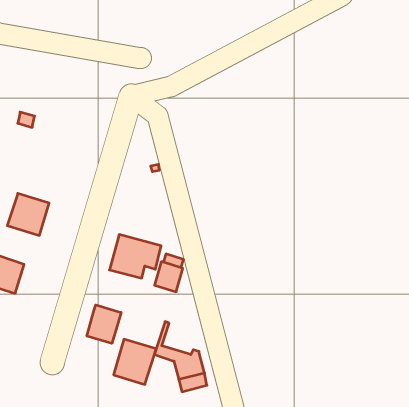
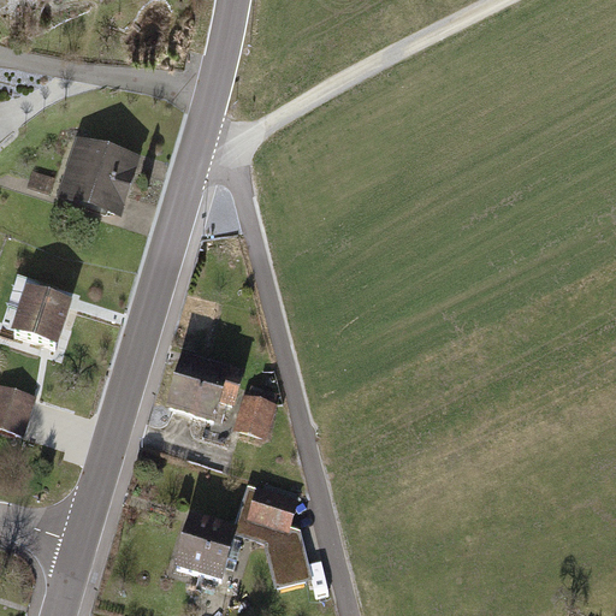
building: none -> [58,140,142,223]
building: [87,305,121,343] -> none
building: none -> [242,482,297,529]

